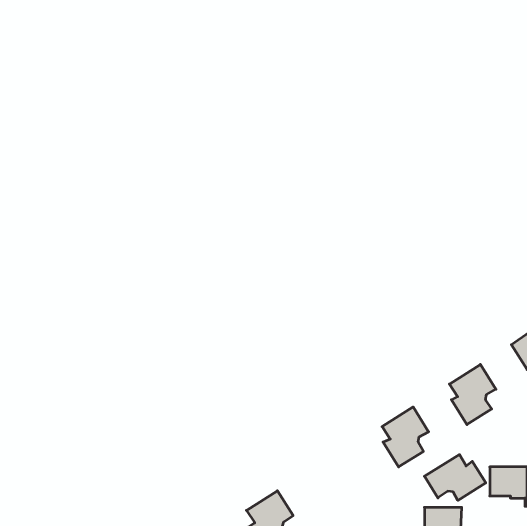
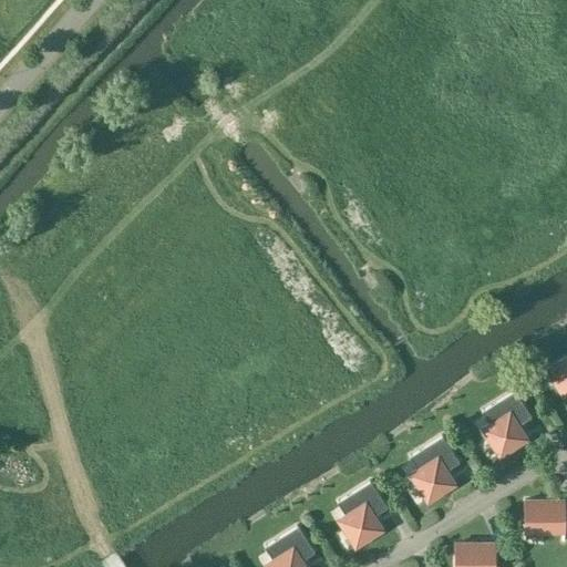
building: none -> [339,484,389,548]
building: [424,455,486,500] -> none

